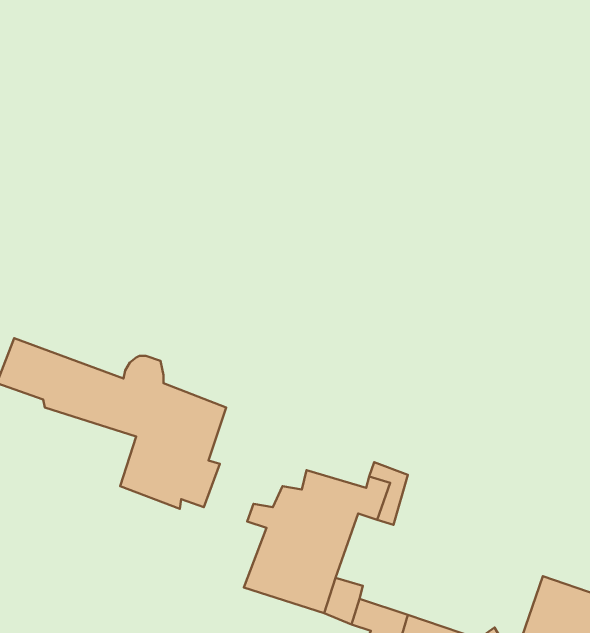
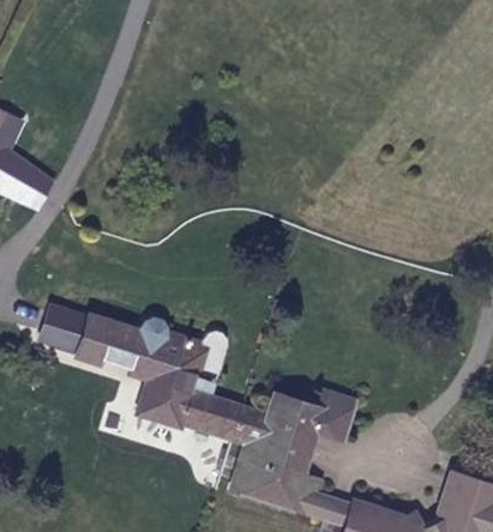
building: none -> [200,394,259,437]

